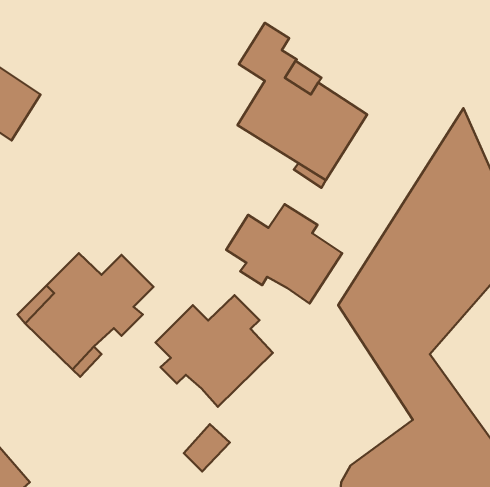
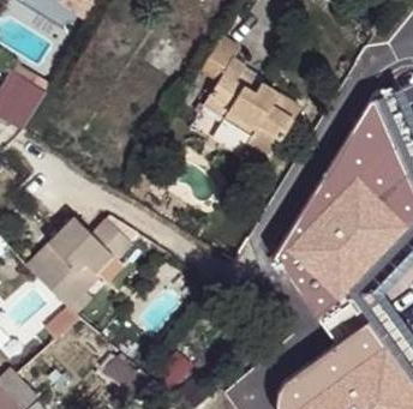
building: [226,204,342,303] -> none
building: [155,295,273,407] -> none

